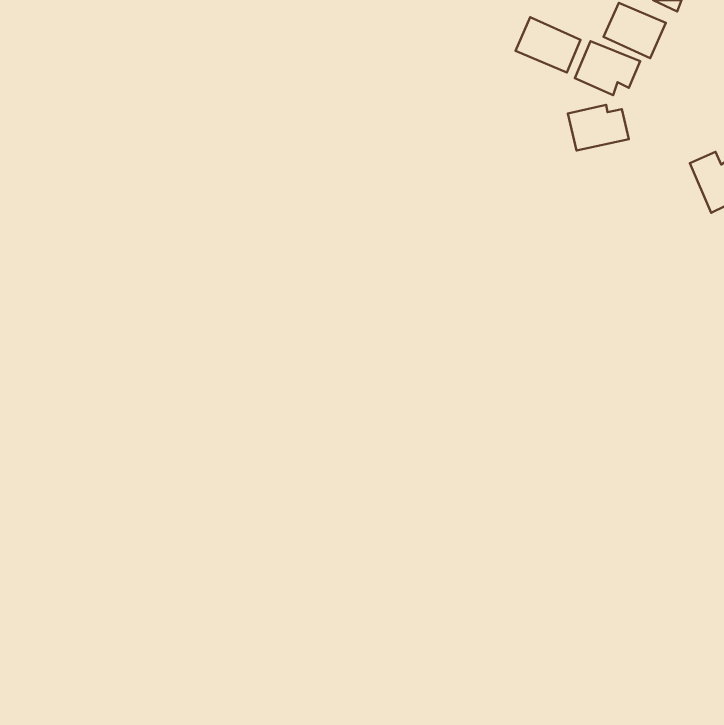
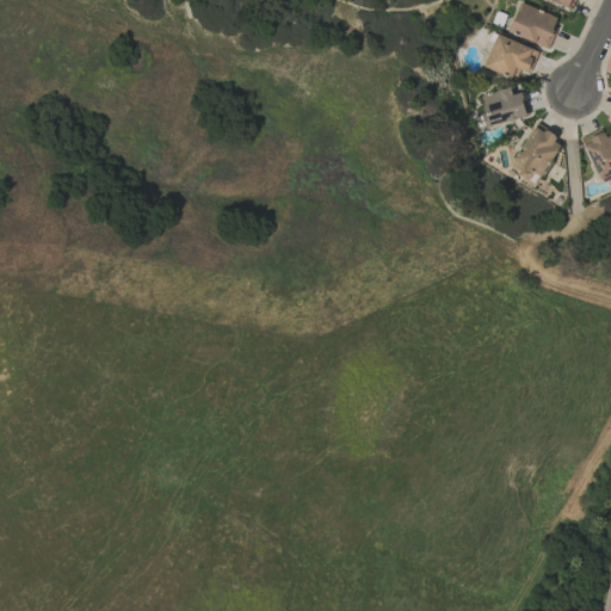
building: [516,17,580,72] -> none
building: none -> [511,125,561,184]

